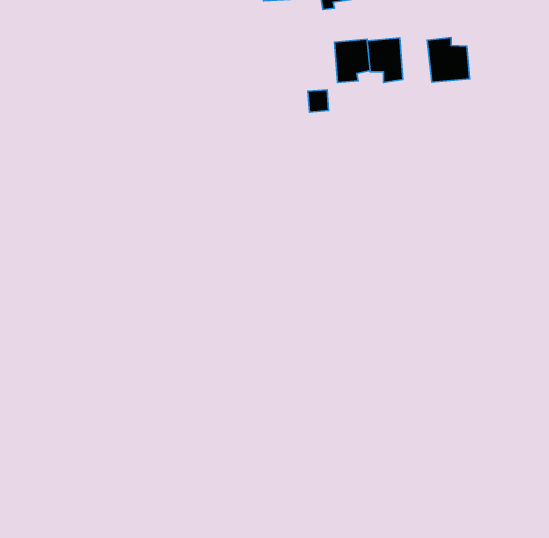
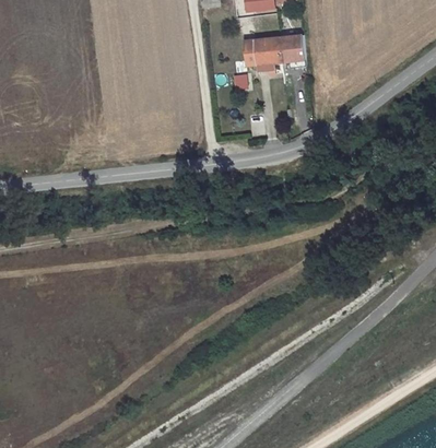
building: [427,38,470,82] -> none

